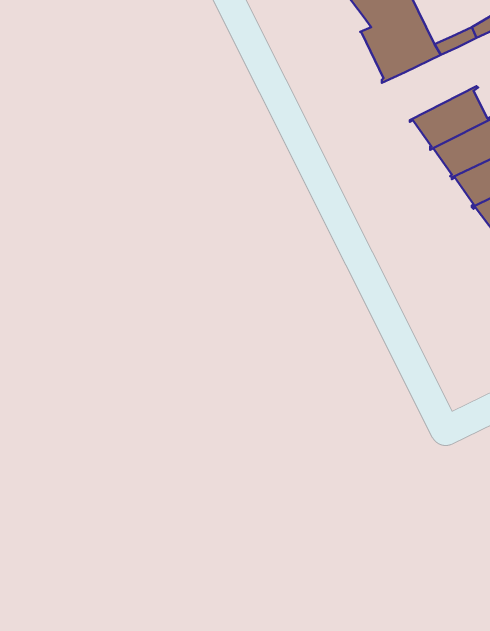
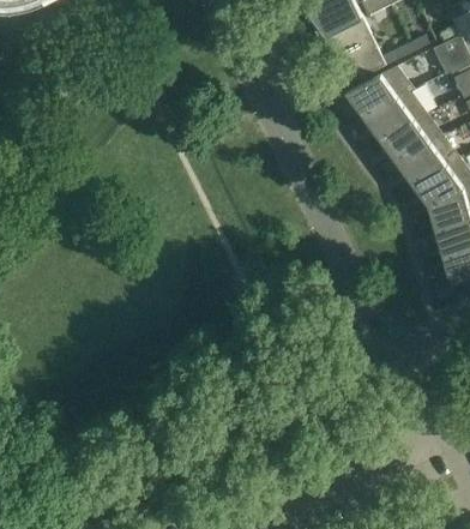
building: none -> [344,67,414,116]

